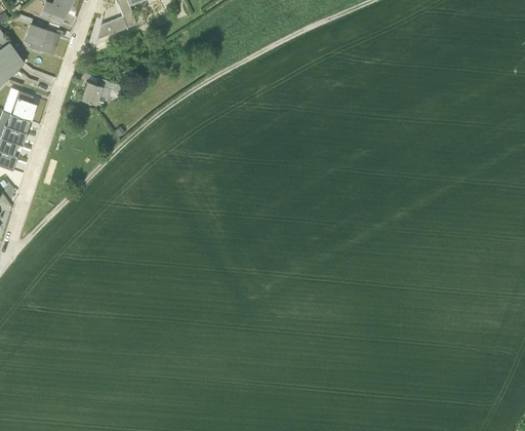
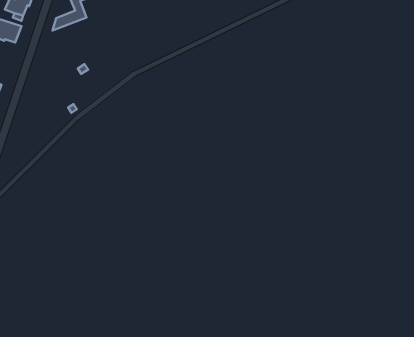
building: [81,78,121,105] -> none

